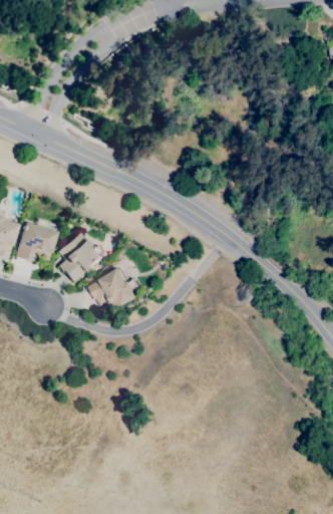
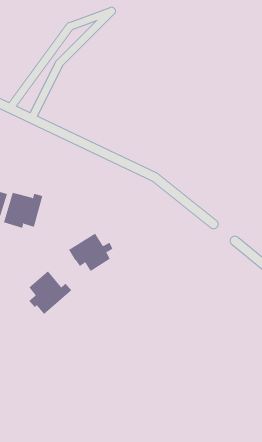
building: [57,232,106,282] -> [29,271,72,315]

